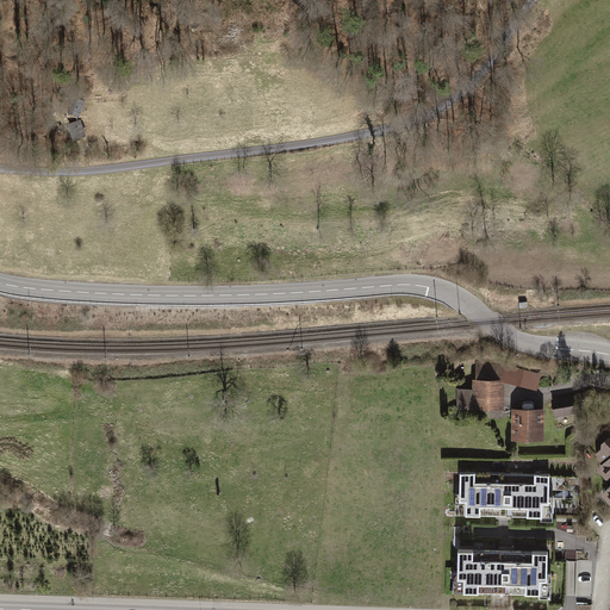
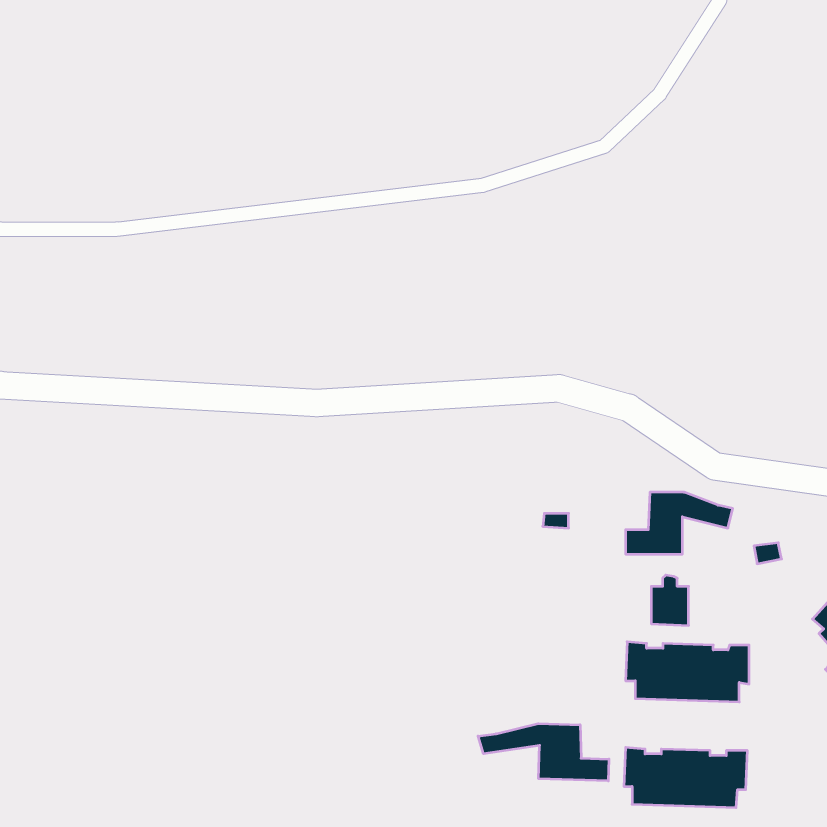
building: [517,403,544,440] -> [651,575,689,625]
building: none -> [478,724,609,781]

